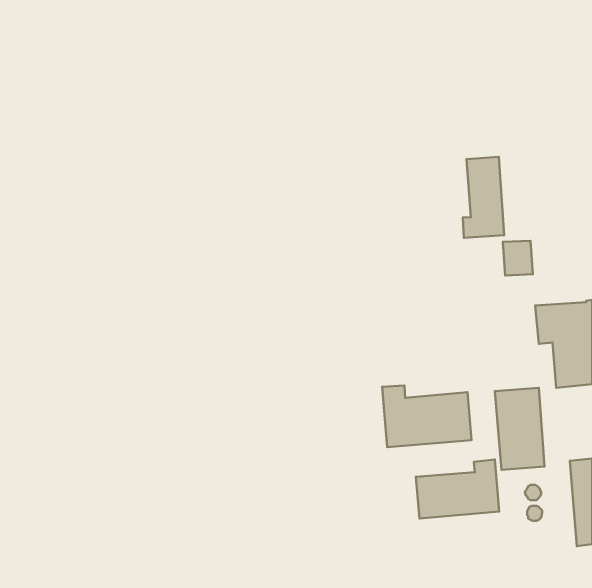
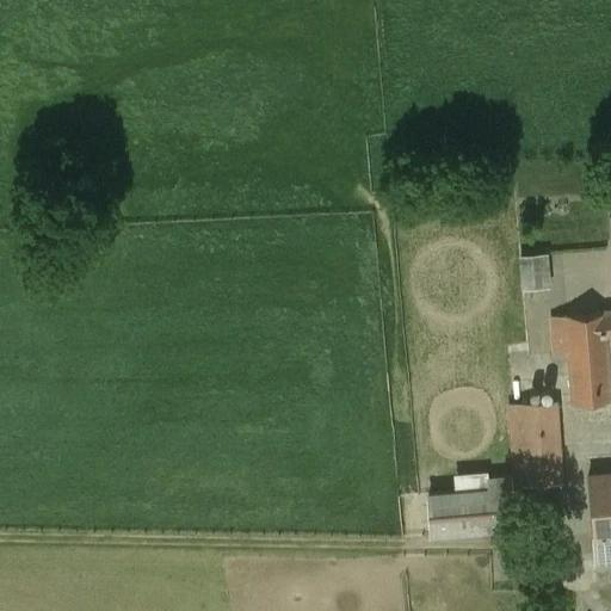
building: [463,157,504,238] -> none
building: [382,386,471,447] -> none

